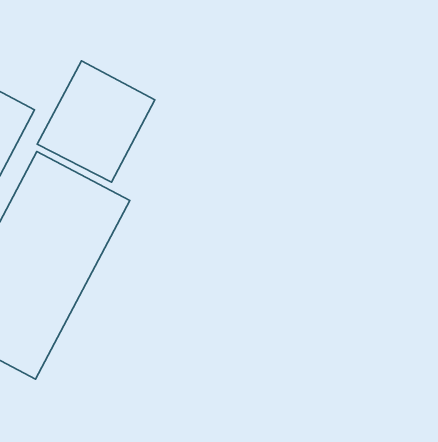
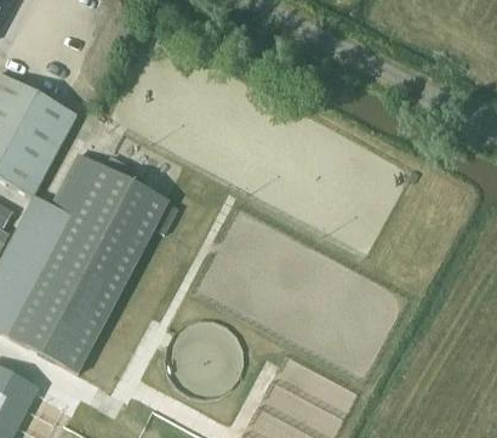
building: [37,61,155,182] -> none

